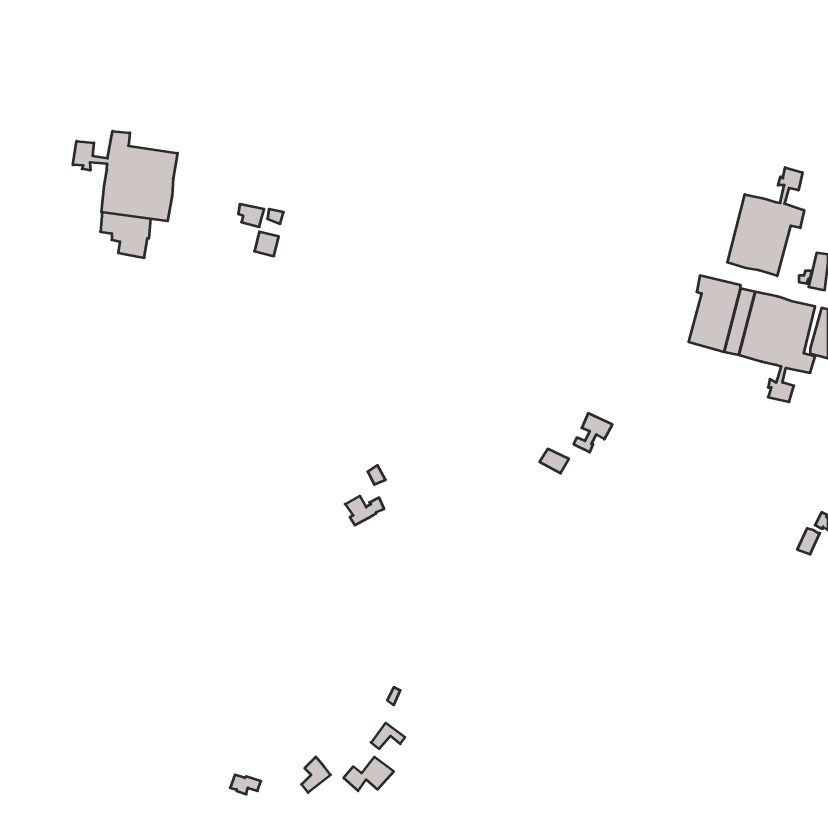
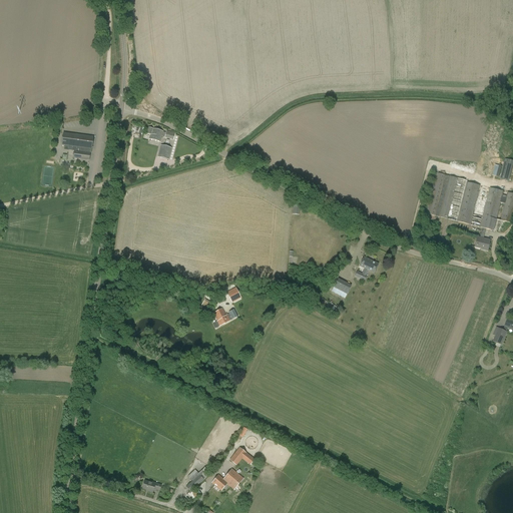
building: [73,131,178,221] -> none
building: [727,167,804,276] -> none

